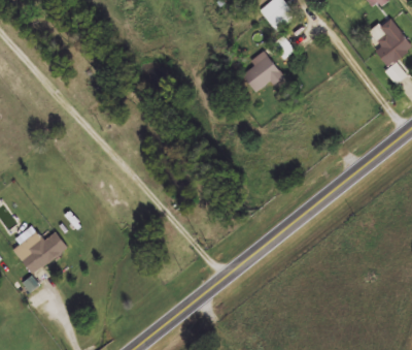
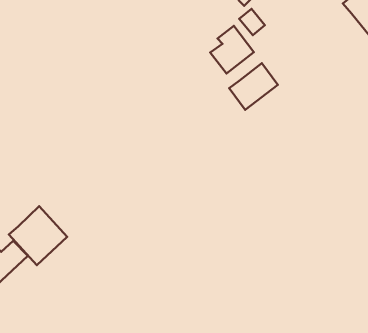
building: none -> [229,63,278,110]
building: none -> [9,206,67,265]

